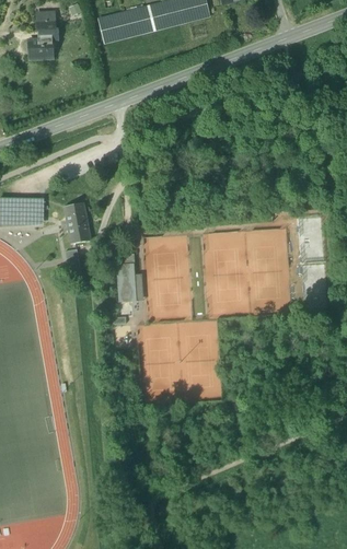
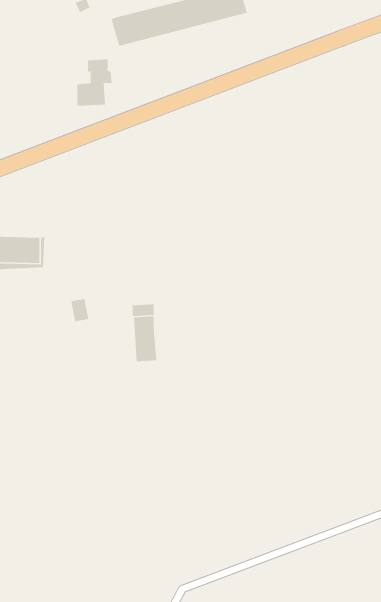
building: [28,19,58,58] -> [77,59,112,107]
building: [63,202,90,243] -> none

